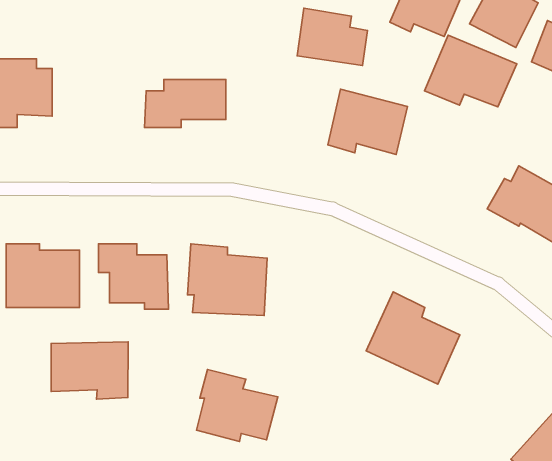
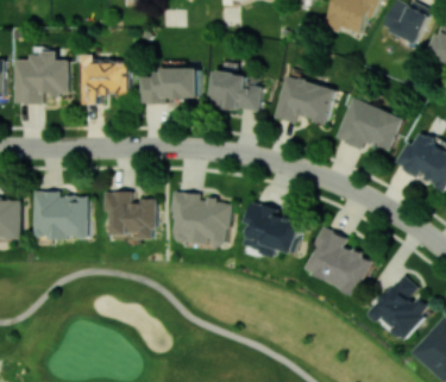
building: [297,8,367,66] -> [209,70,262,113]
building: [424,35,517,107] -> [334,98,403,151]
building: none -> [80,56,131,105]
building: [51,342,128,399] -> none
building: none -> [370,276,429,343]
building: [196,370,278,441] -> [243,202,303,256]

